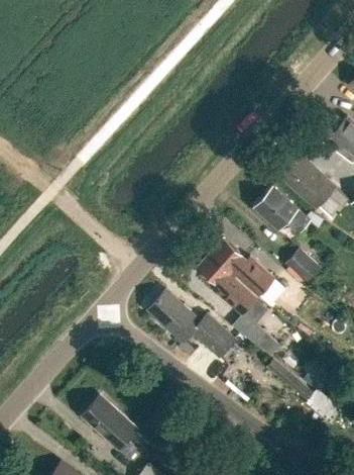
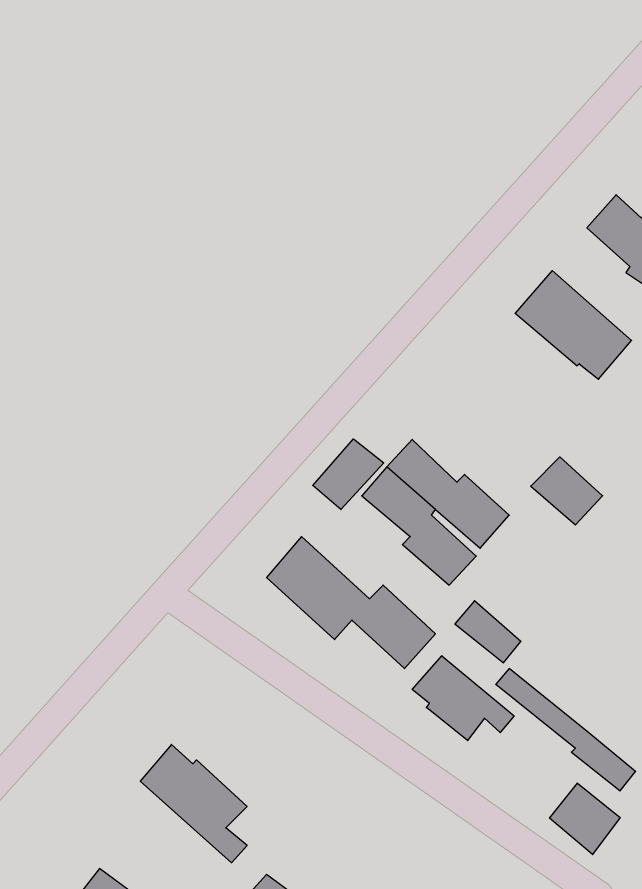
building: [254,186,312,233] -> none
building: none -> [313,439,384,510]
building: none -> [412,656,514,741]
building: none -> [550,783,620,855]

